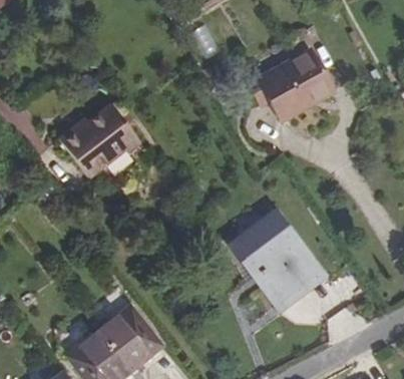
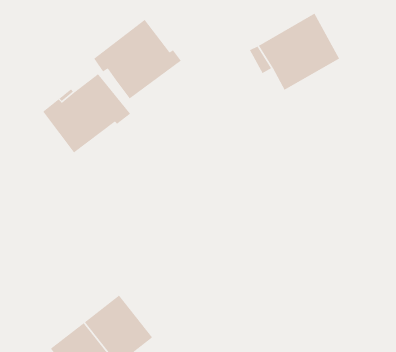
building: none -> [93,19,182,99]
building: [234,215,324,307] -> none

